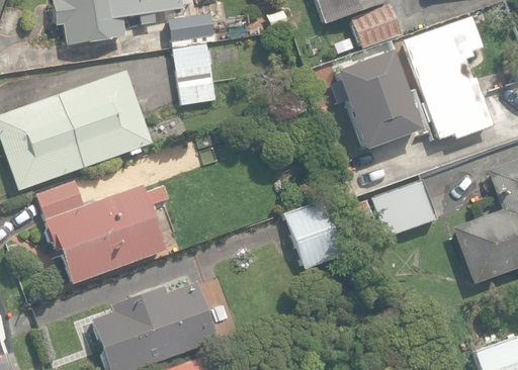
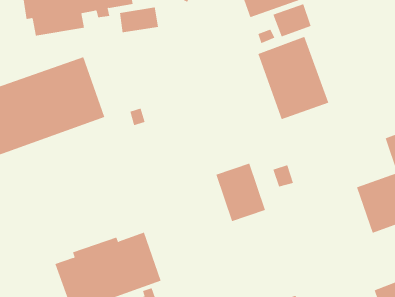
building: [402,12,493,137] -> none
building: [174,41,217,104] -> none
building: [39,179,170,284] -> none
building: [372,180,435,236] -> none

